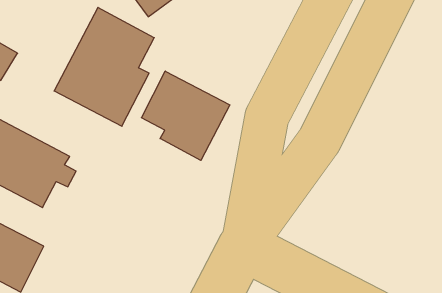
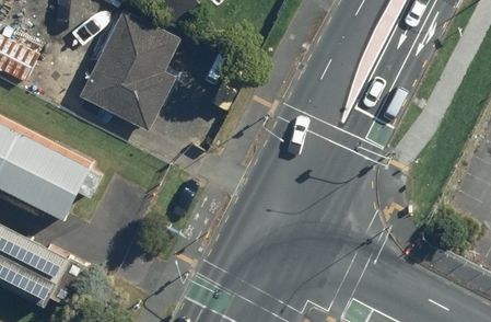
building: [141,71,230,160] -> none

